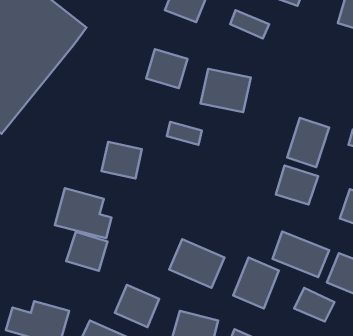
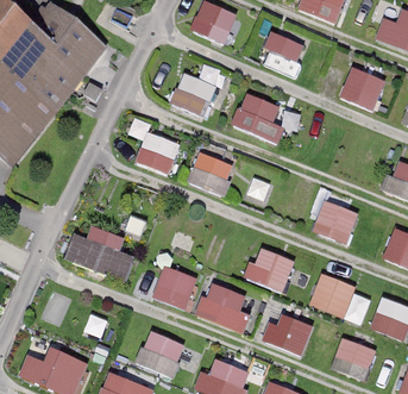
building: none -> [340,68,387,111]
building: [287,118,329,167] -> none
building: [102,142,142,179] -> [136,133,180,174]
building: none -> [245,248,295,293]
building: [66,232,108,271] -> [152,267,197,309]

